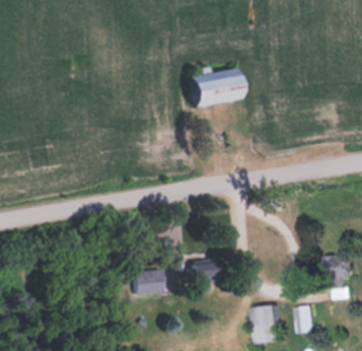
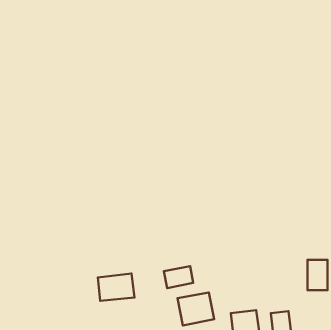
building: [188,68,243,107] -> none
building: none -> [177,293,214,326]

